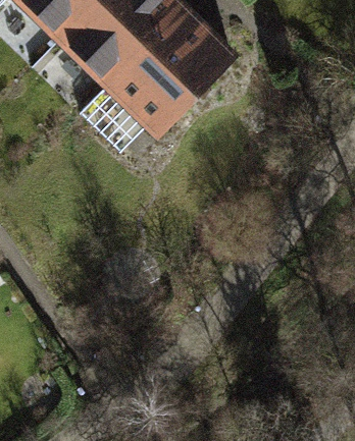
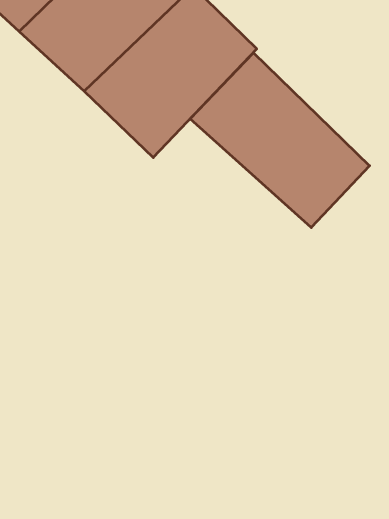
building: none -> [190,53,370,228]

